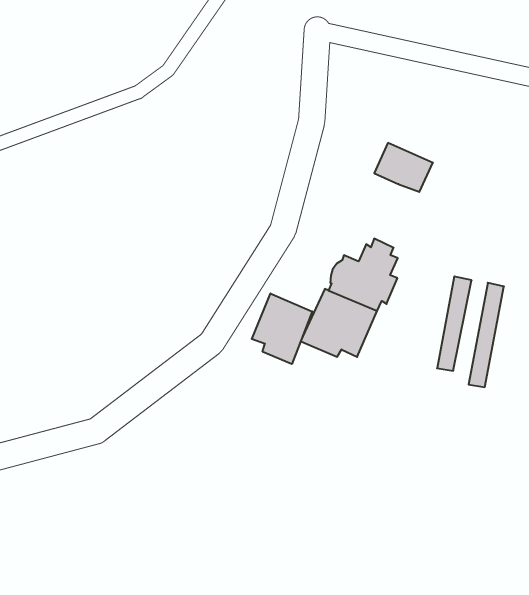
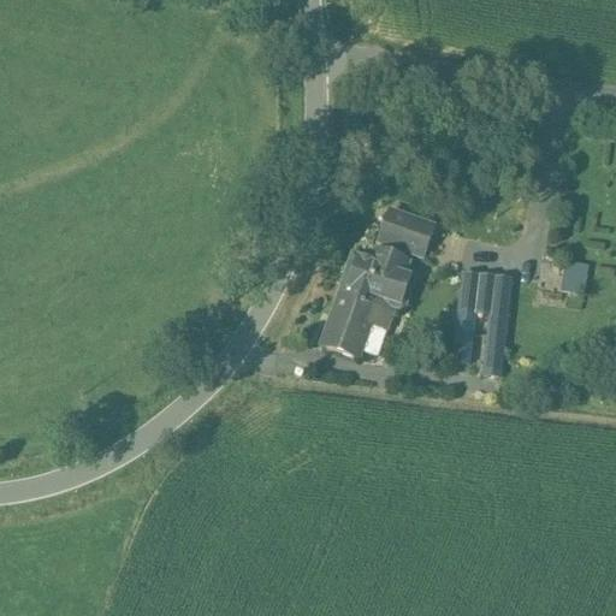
building: [374,143,433,192] -> [378,208,433,253]
building: [252,293,312,364] -> none

